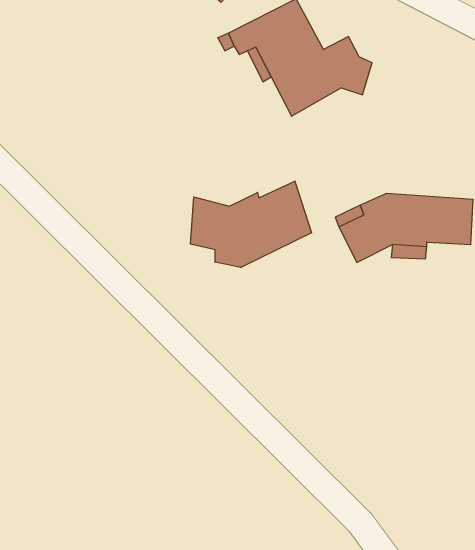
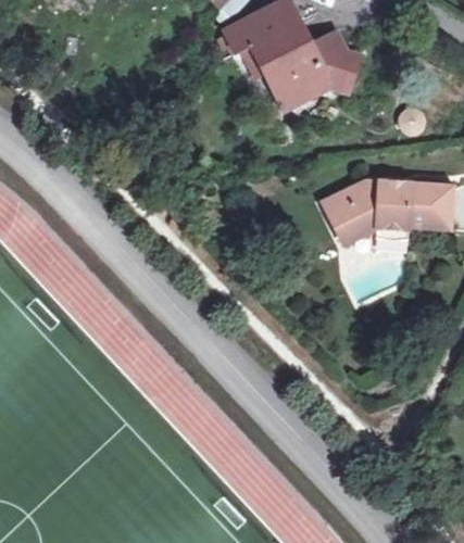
building: [190,181,311,268] -> none

